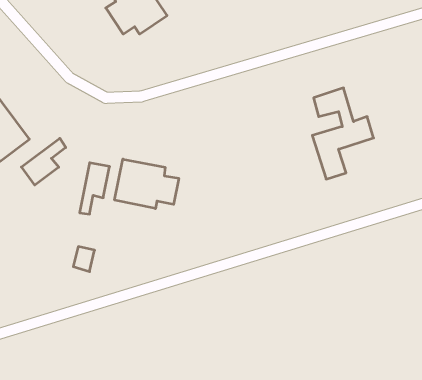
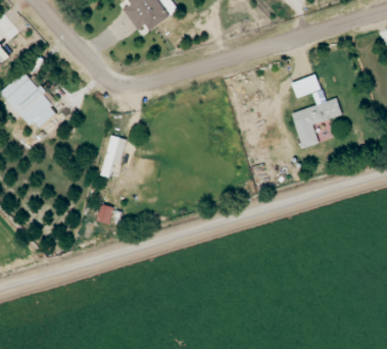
building: [21,138,66,185] -> none
building: [115,159,179,209] -> none

